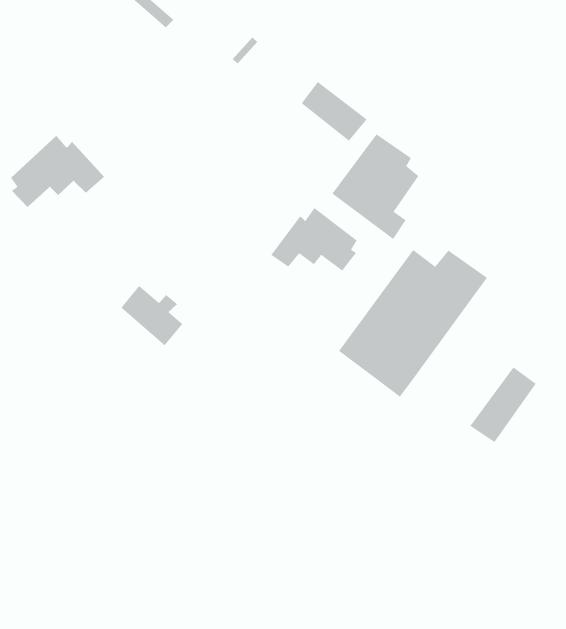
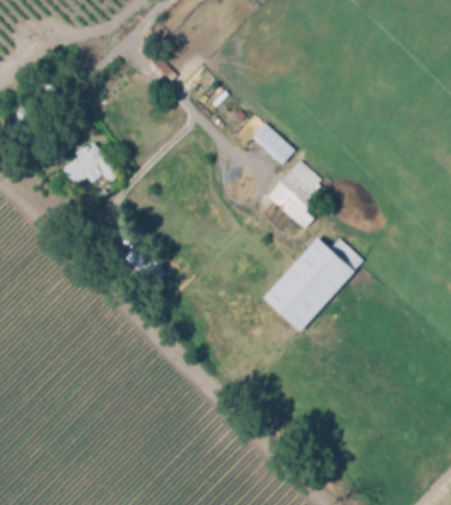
building: [271,207,358,272] -> none
building: [470,367,536,443] -> none

